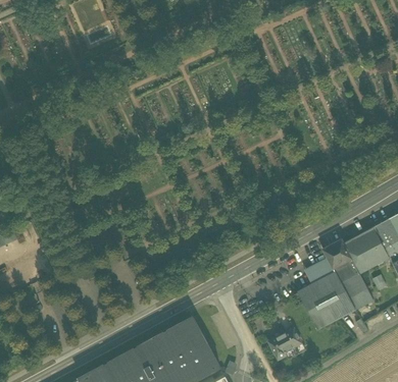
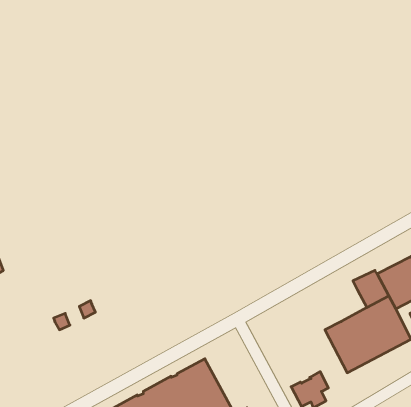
building: [303,258,334,285] -> none

